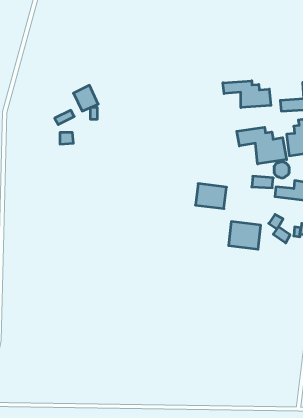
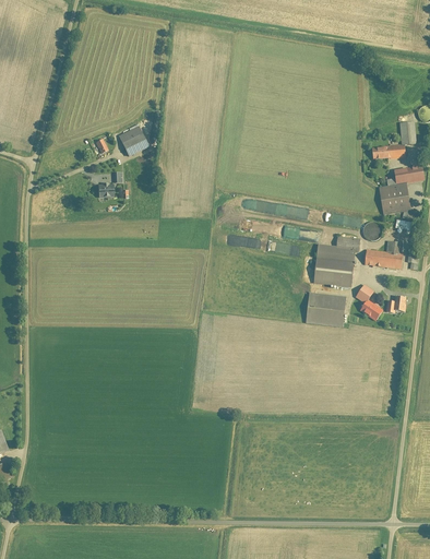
building: [223,81,271,108] -> none
building: [237,127,287,164] -> none
building: [195,184,227,209] -> [316,258,355,288]

